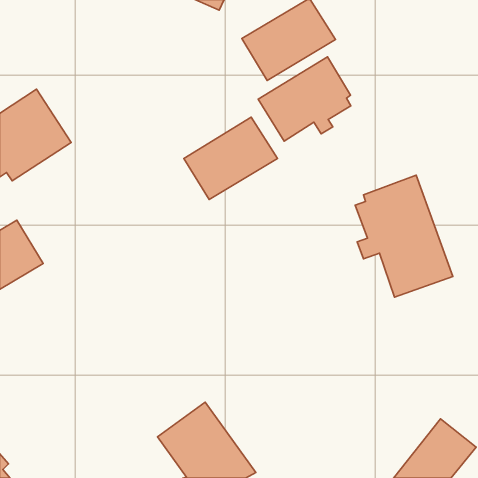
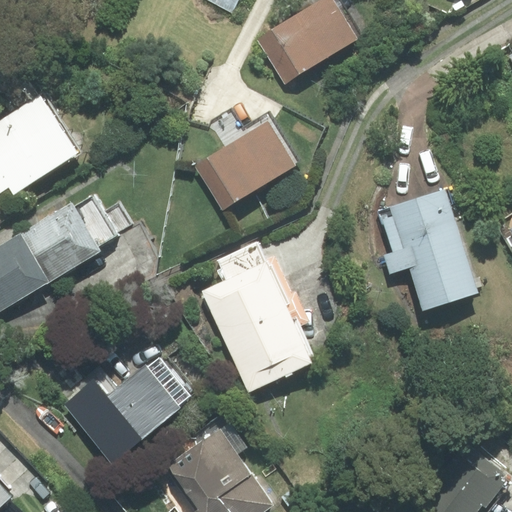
building: [258,57,351,141] -> none
building: none -> [18,194,115,281]
building: none -> [204,262,319,393]
building: none -> [64,356,190,461]

